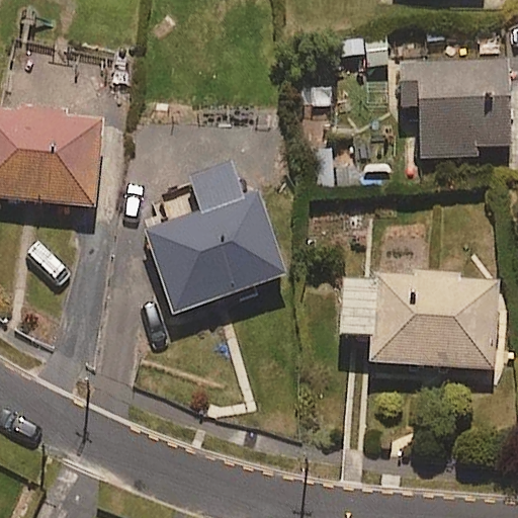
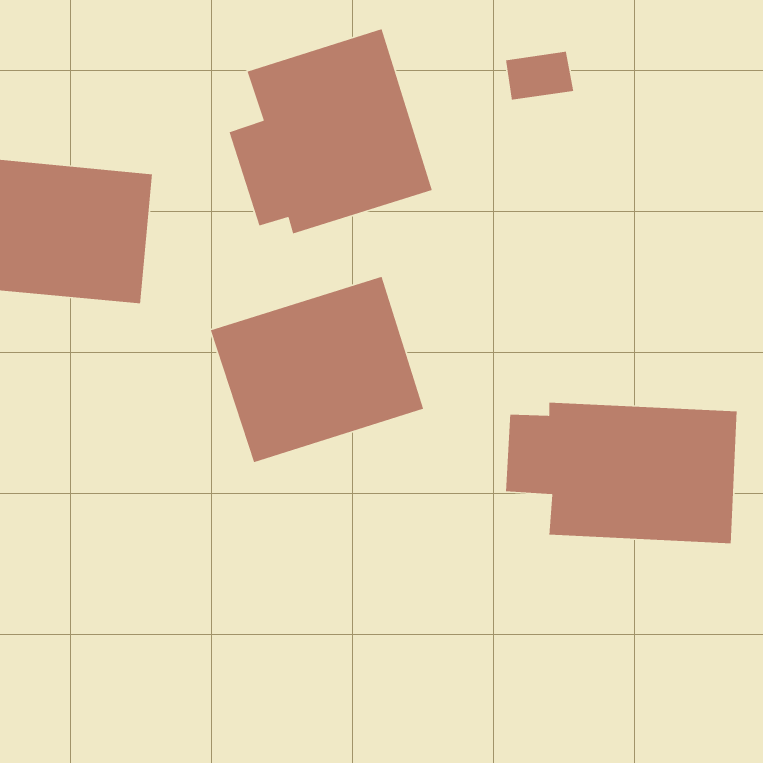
building: none -> [228,28,433,235]
building: [401,58,510,157] -> none

